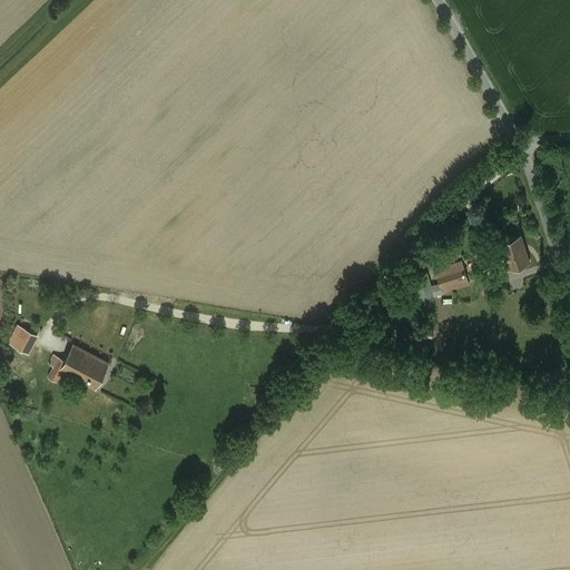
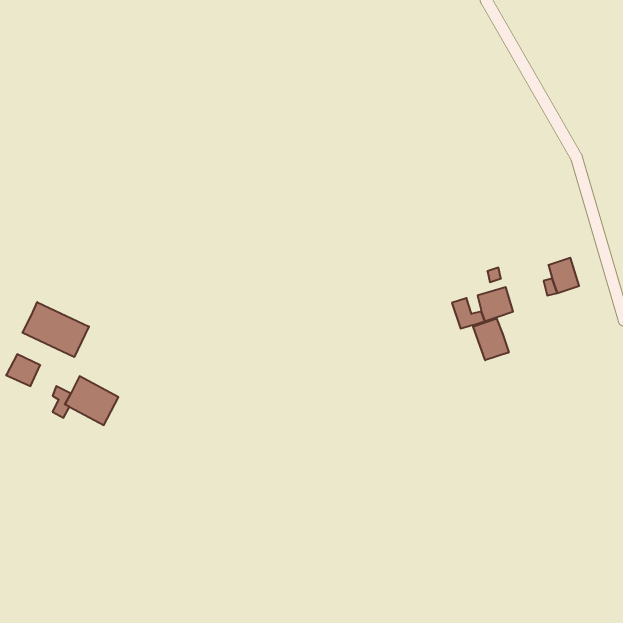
building: none -> [22,302,89,357]
building: none -> [473,319,509,360]

